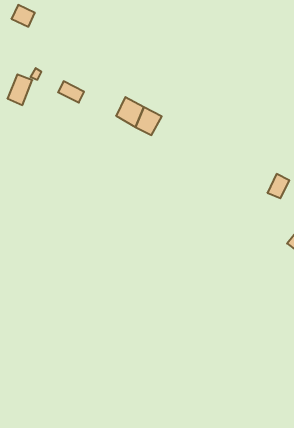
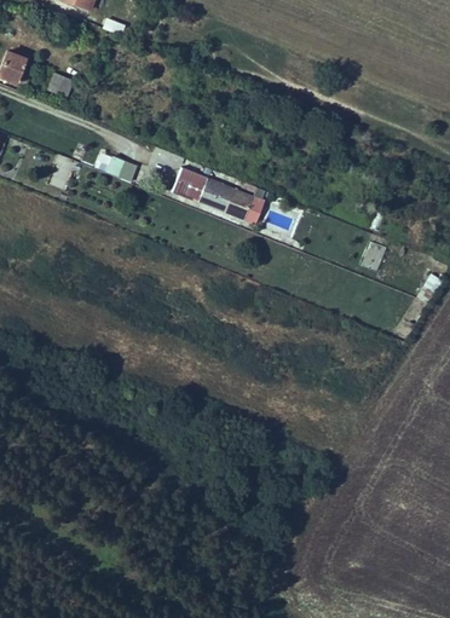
building: none -> [218,185,261,221]

